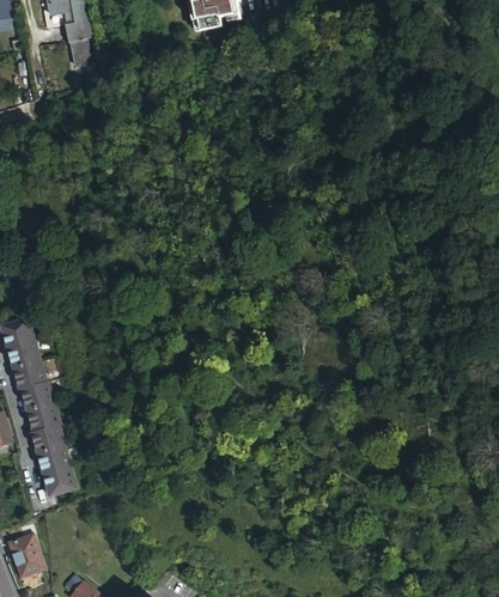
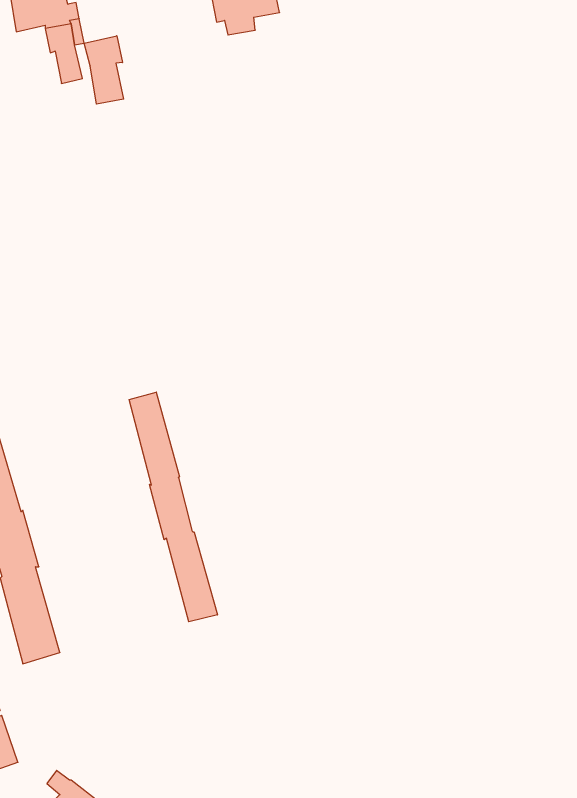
building: none -> [84,36,124,104]
building: none -> [129,392,217,622]

